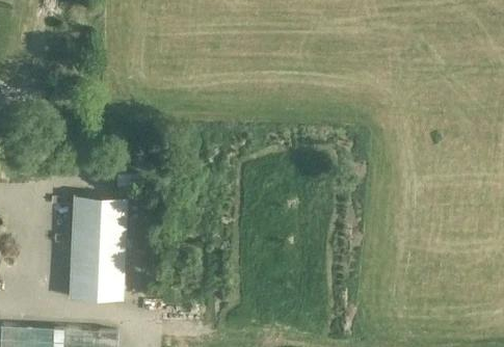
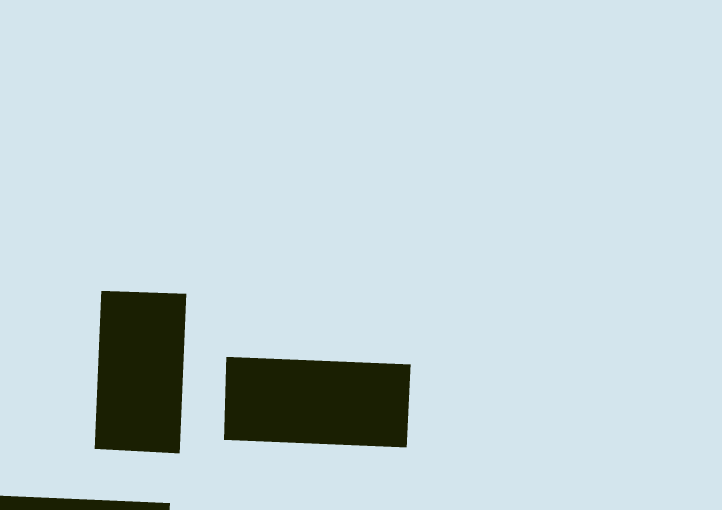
building: none -> [223,356,411,448]

